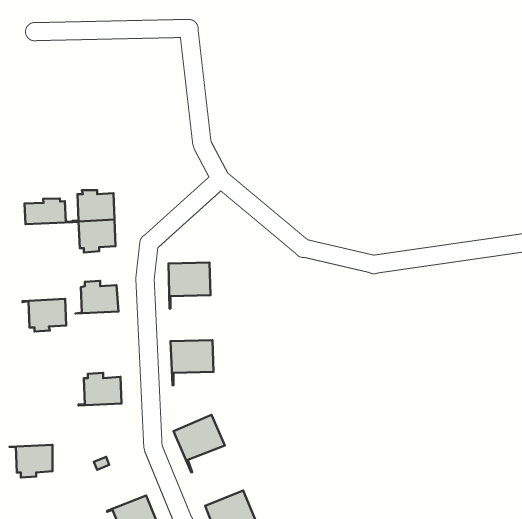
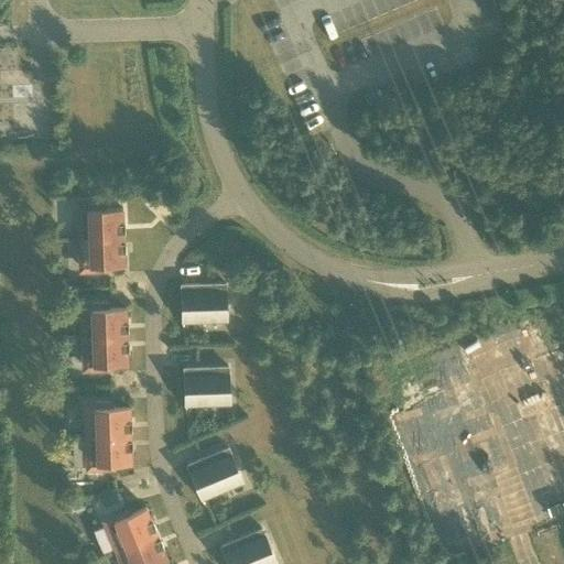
building: [25,198,73,224] -> none
building: [22,299,66,332] -> [82,339,129,375]
building: [10,445,53,477] -> [85,438,131,474]
building: none -> [110,510,158,554]

